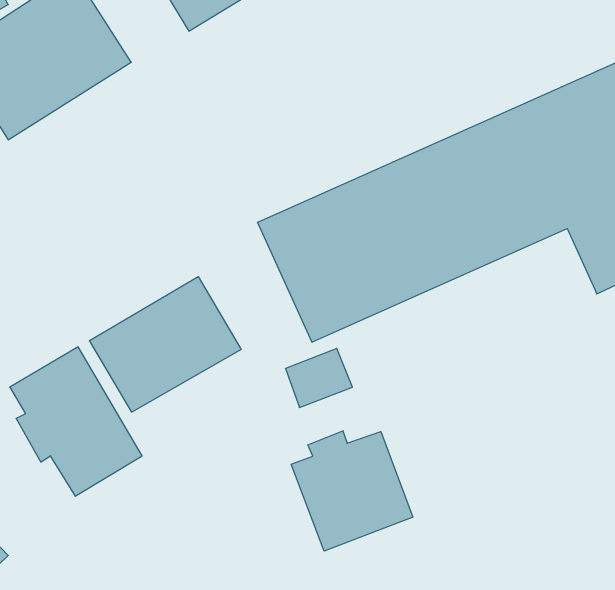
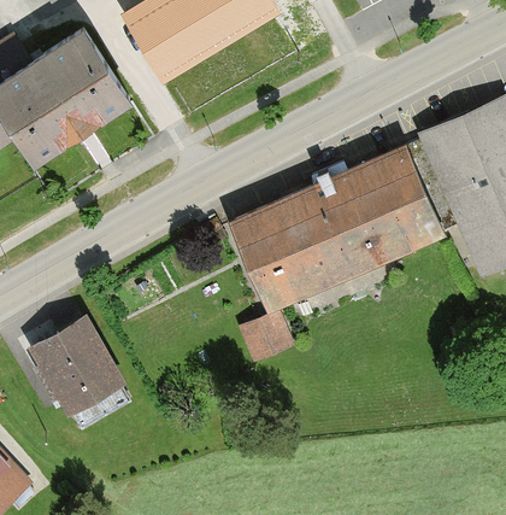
building: [89,277,241,412] -> none
building: [291,431,413,551] -> none

